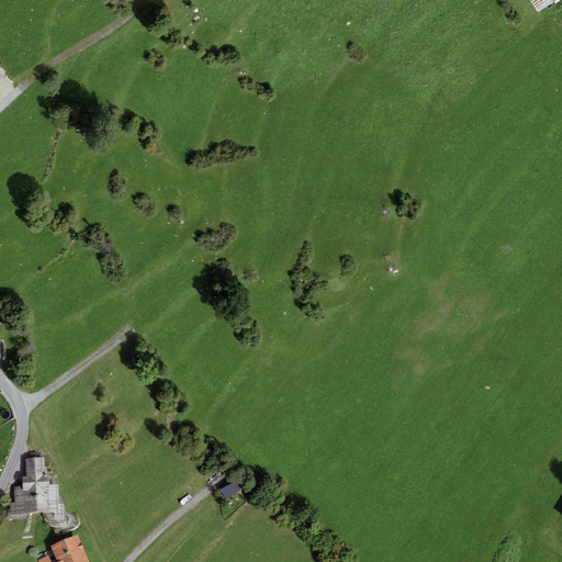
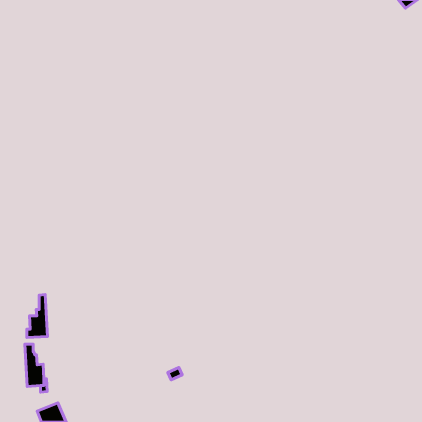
building: [9,457,36,514] -> [27,294,48,337]

